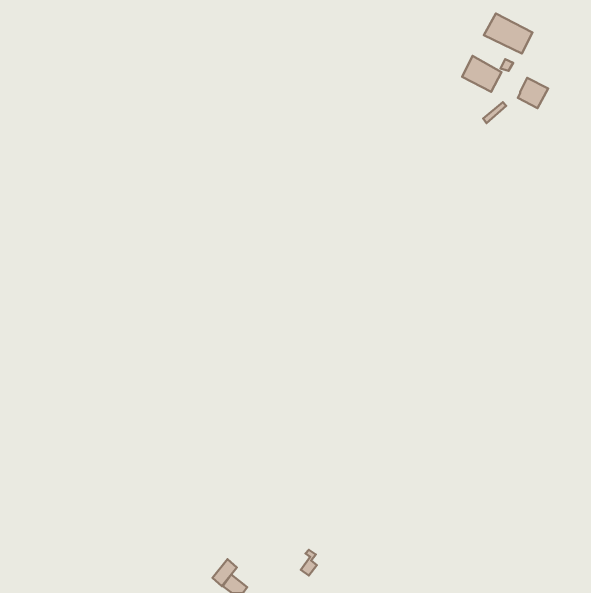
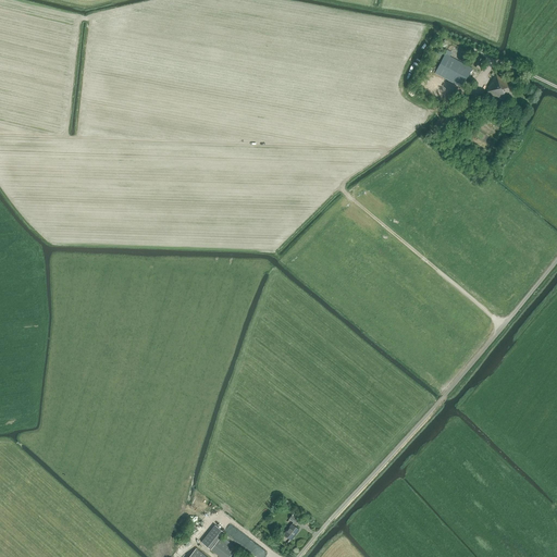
building: [484,13,532,54] -> none

